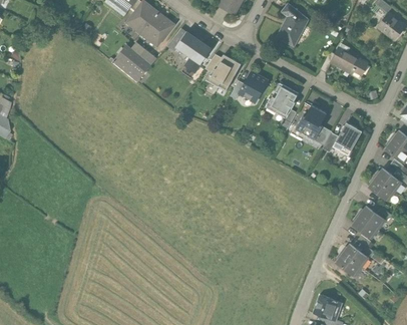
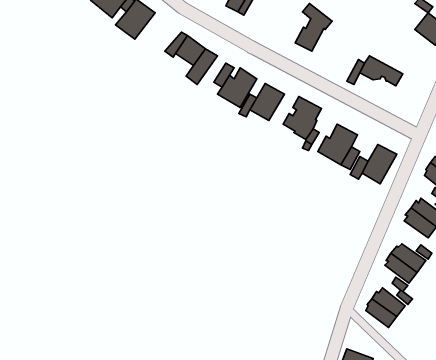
building: [142,12,174,45] -> none
building: [112,45,150,81] -> none

